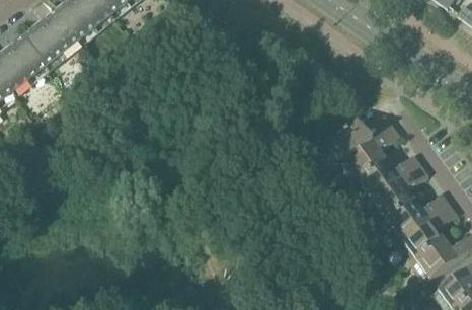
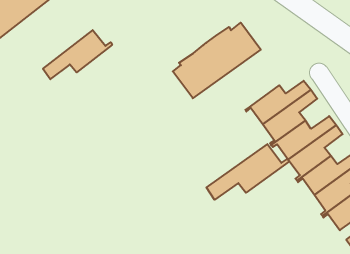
building: none -> [173,23,261,98]
building: none -> [43,30,112,79]
building: none -> [206,144,289,200]

